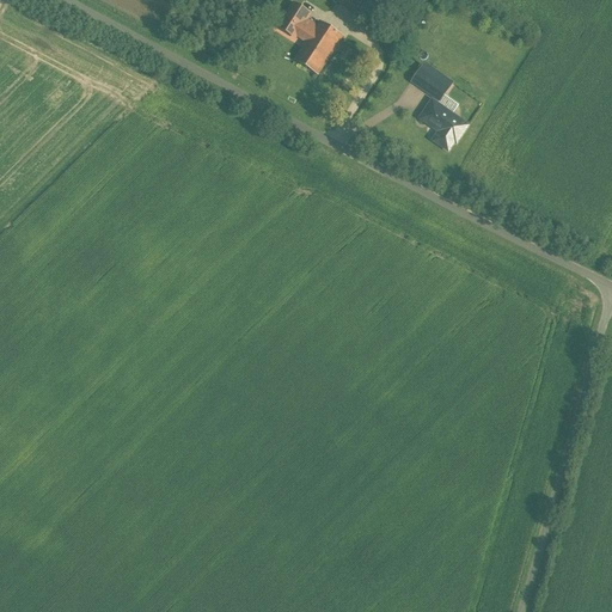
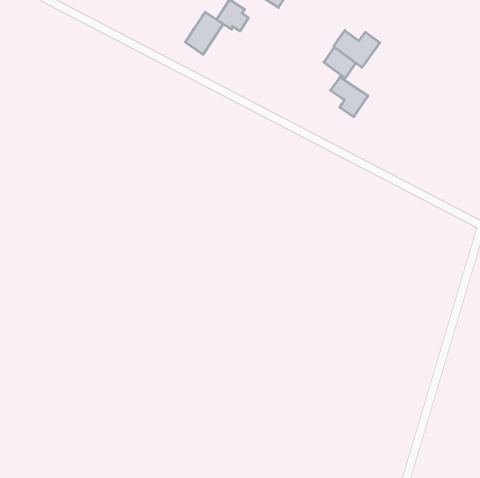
building: [294,18,342,72] -> [185,12,223,54]
building: none -> [334,30,380,67]

